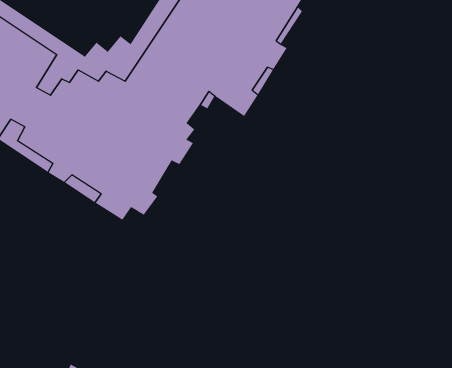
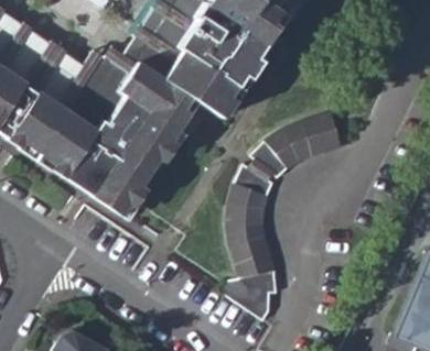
building: none -> [246,108,340,171]
building: none -> [221,165,276,318]

